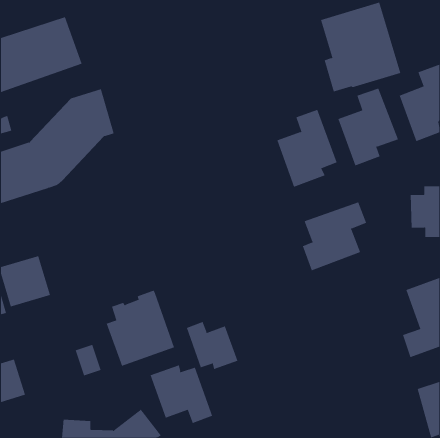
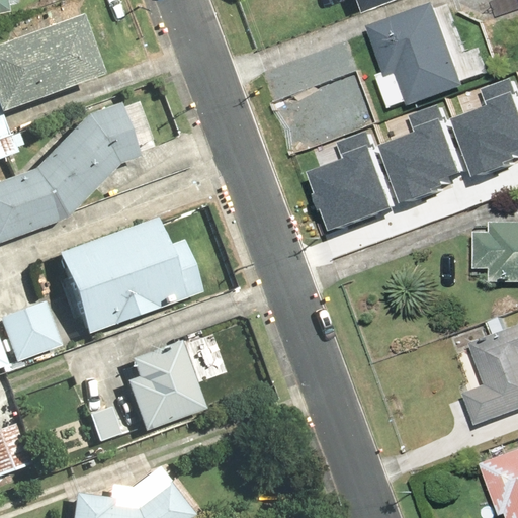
building: none -> [55,219,200,336]
building: [302,202,367,271] -> none
building: [186,321,238,370] -> none
building: [150,365,213,424] -> none

